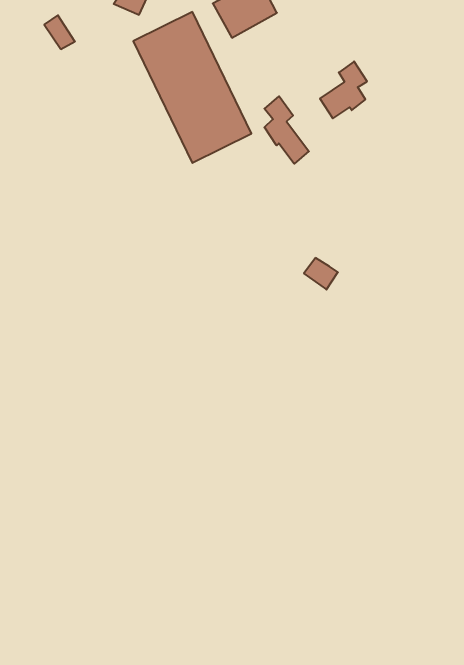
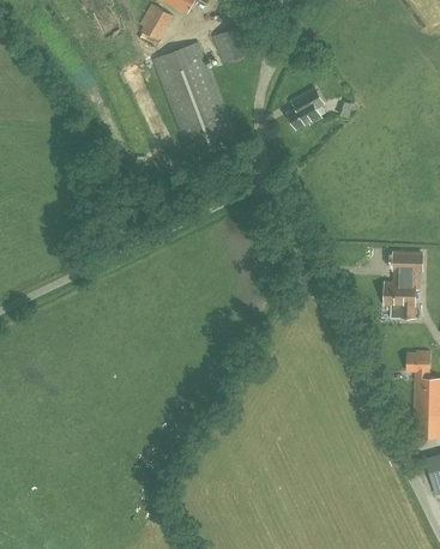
building: [264,96,309,164] -> none

